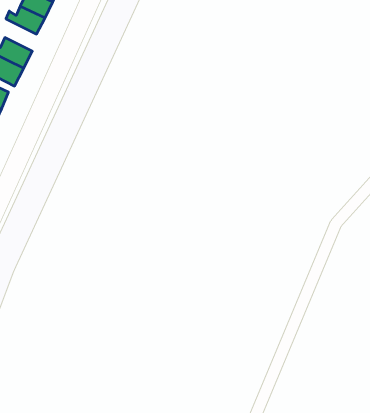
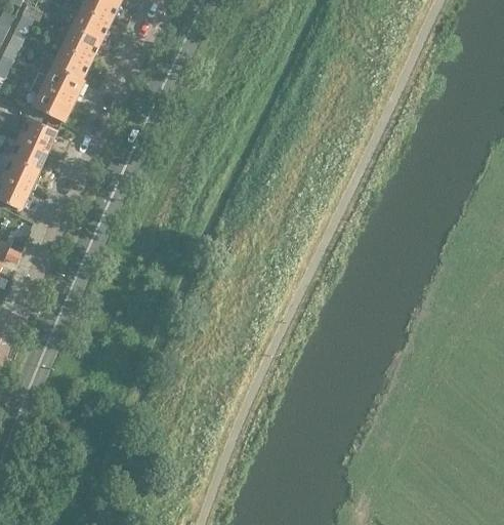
building: none -> [51,46,89,79]

